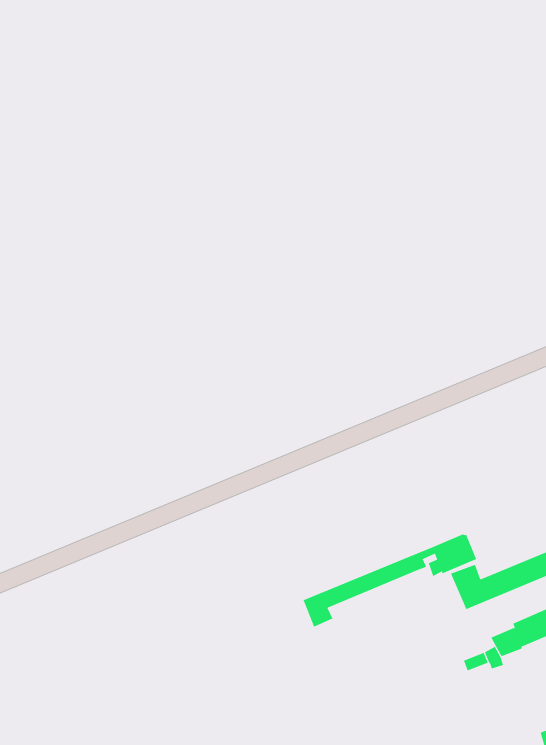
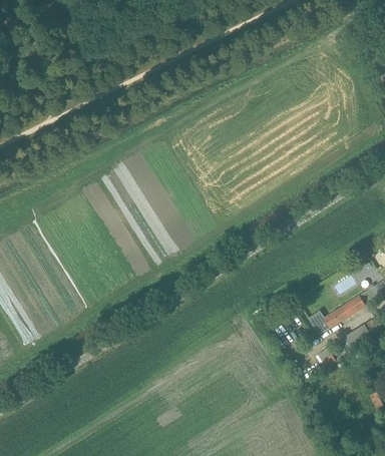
building: [303,534,477,627] -> none

